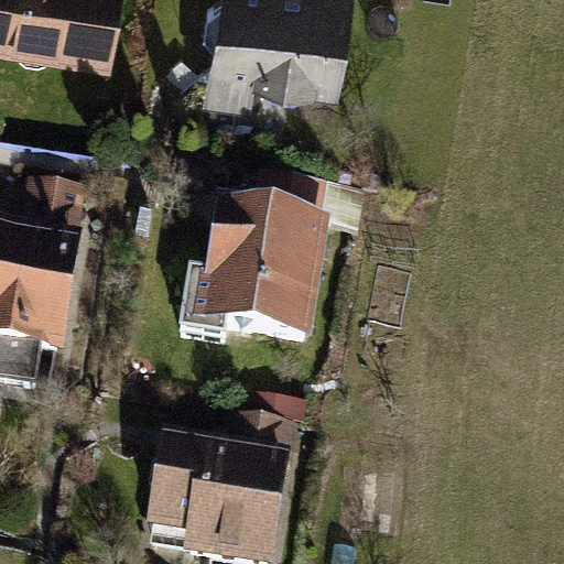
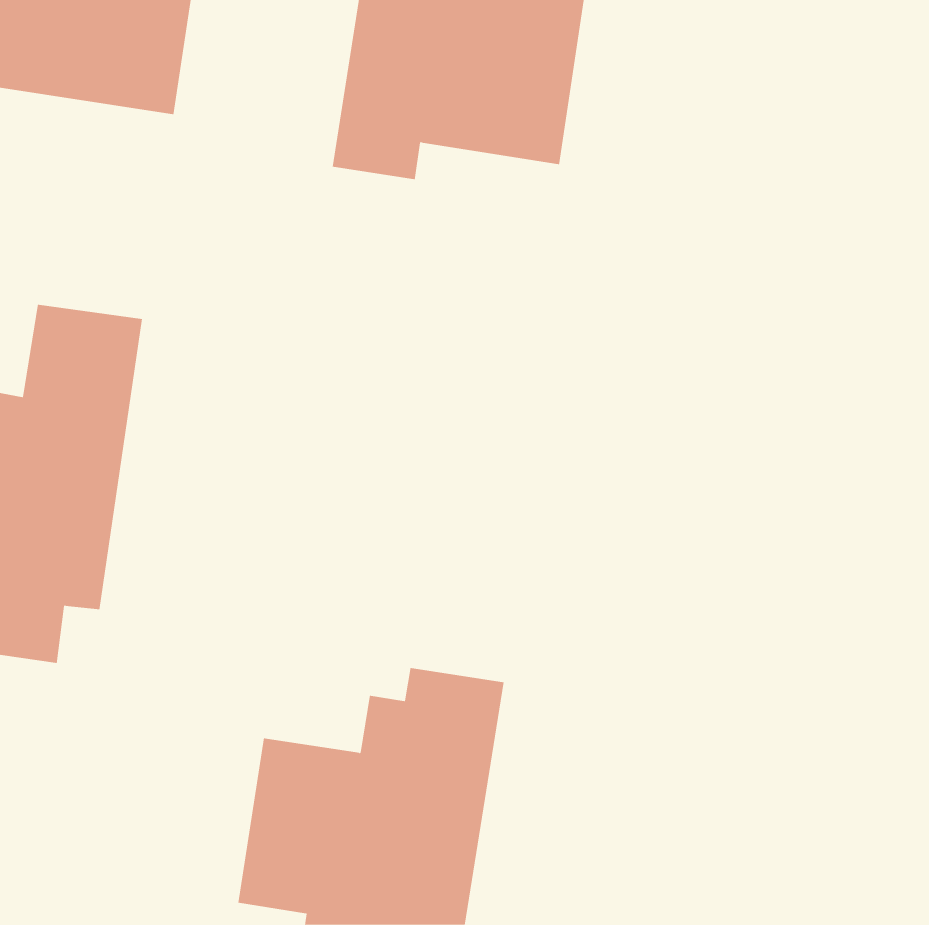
building: [169,175,330,355] -> none

